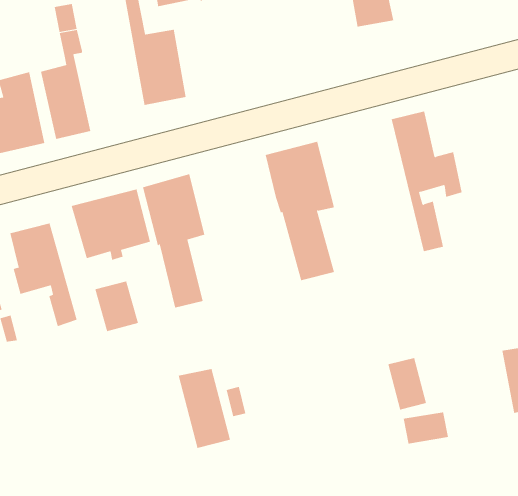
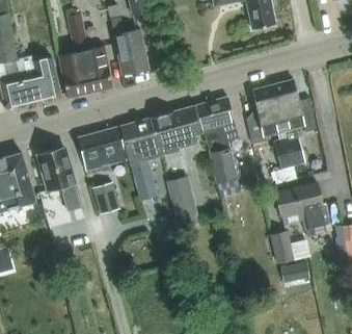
building: none -> [80,42,112,92]
building: none -> [253,84,293,169]
building: none -> [151,106,202,155]
building: none -> [275,182,330,235]
building: [178,369,231,448] -> [169,177,201,226]

